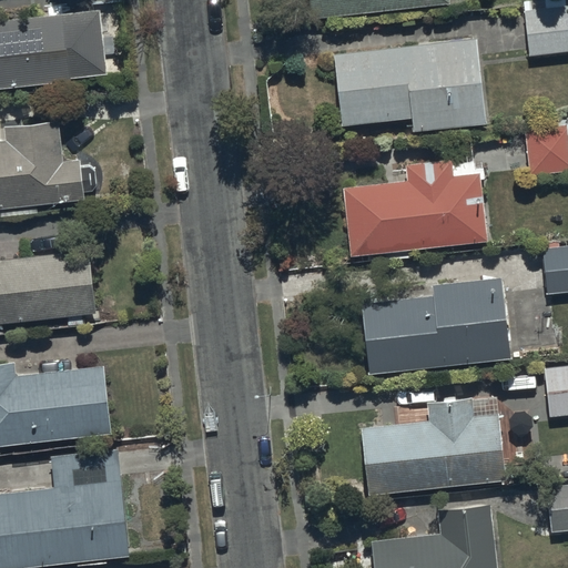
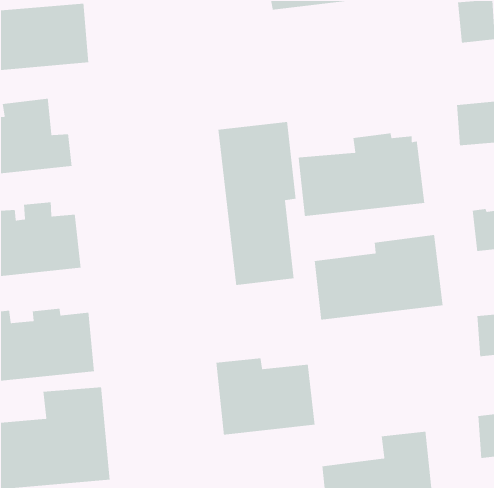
building: [333,40,485,133] -> none
building: none -> [218,121,296,286]
building: [359,395,505,495] -> none
building: none -> [215,358,316,435]

